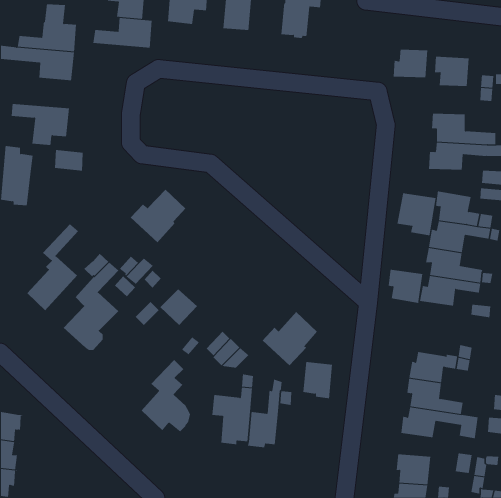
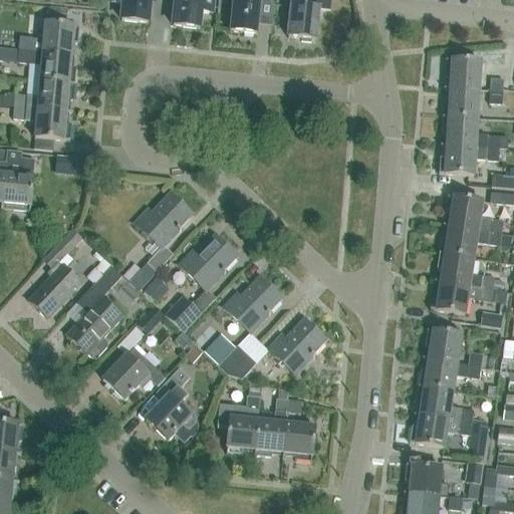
building: [92,18,152,48] -> [14,79,75,110]
building: [393,49,428,78] -> [443,87,479,116]
building: [397,192,436,236] -> none
building: none -> [180,234,237,289]
building: [388,269,423,304] -> [425,328,461,363]
building: none -> [224,276,281,331]
building: none -> [103,348,166,399]
building: [302,362,333,399] -> [283,423,314,461]

